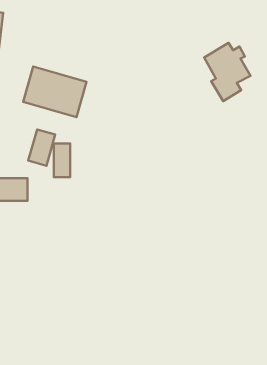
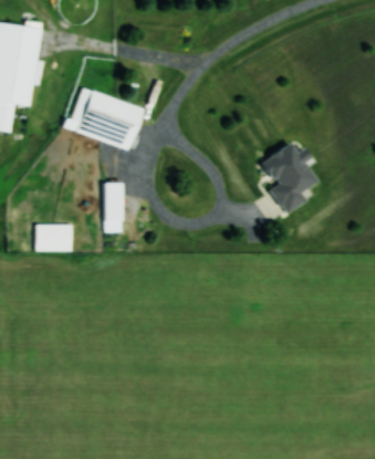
building: [204,43,250,101] -> [262,144,319,215]
building: [28,129,55,166] -> none

